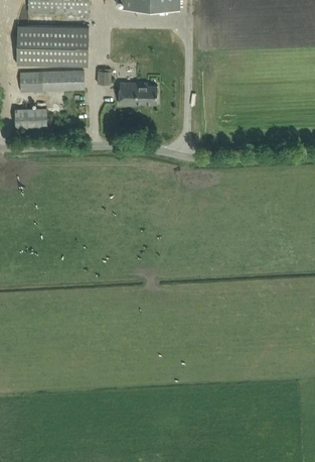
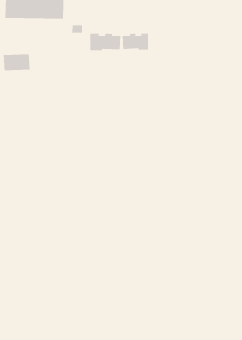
building: [20,71,84,91] -> none
building: none -> [122,33,149,51]

